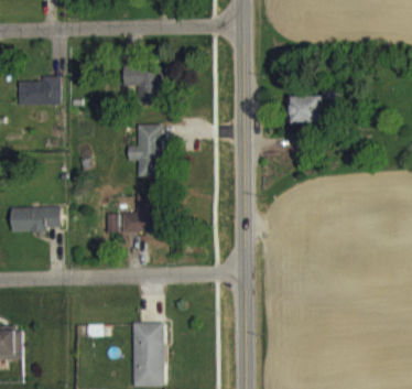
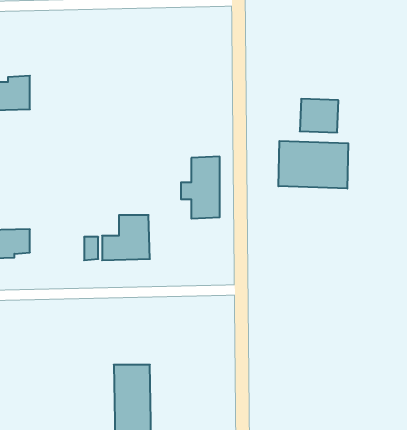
building: [123,66,162,104] -> none
building: [129,125,162,177] -> [181,157,220,219]
building: none -> [278,141,348,189]

